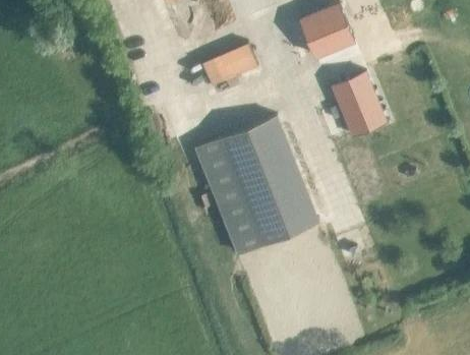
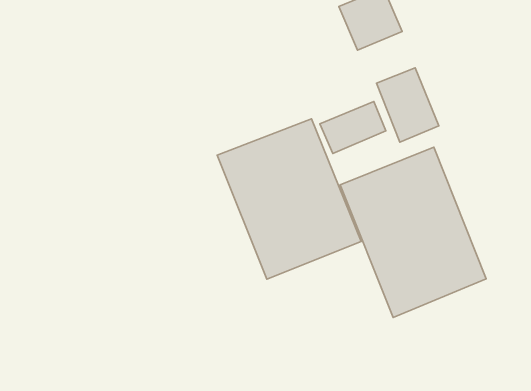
building: [204,43,261,87] -> [320,102,386,153]
building: none -> [340,147,486,317]

